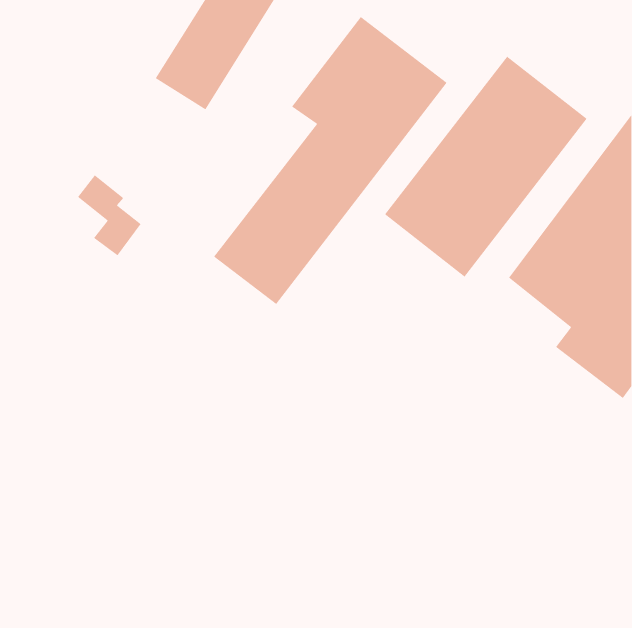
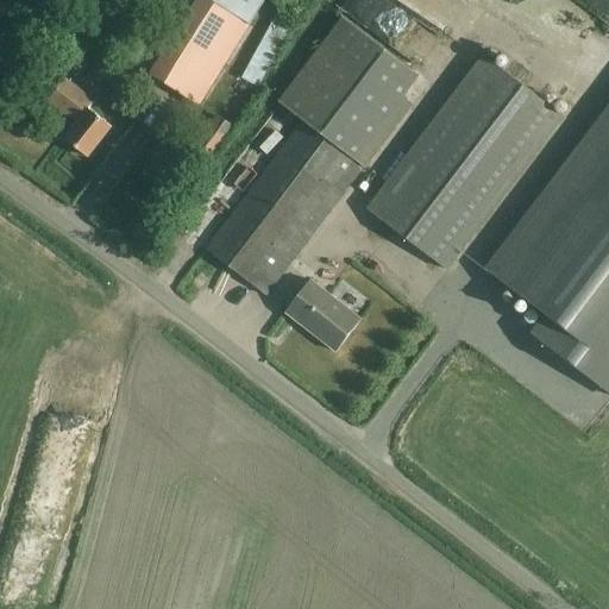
building: [77,175,142,256] -> [48,76,109,155]
building: none -> [284,277,360,349]

